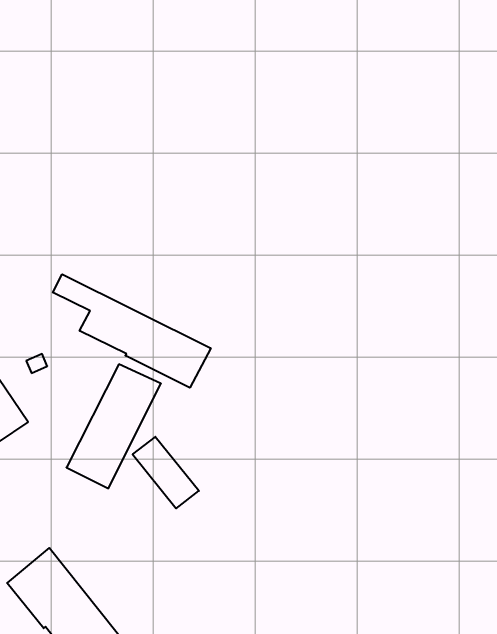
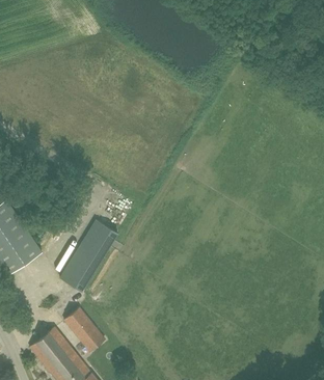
building: [53,274,211,388] -> none
building: [133,437,199,508] -> [63,308,103,351]

